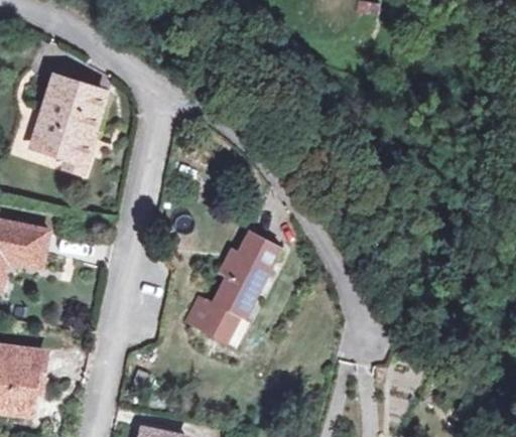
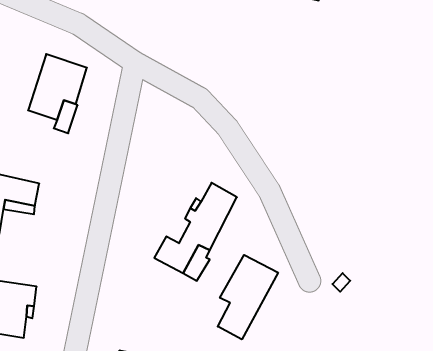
building: none -> [218,255,278,339]

